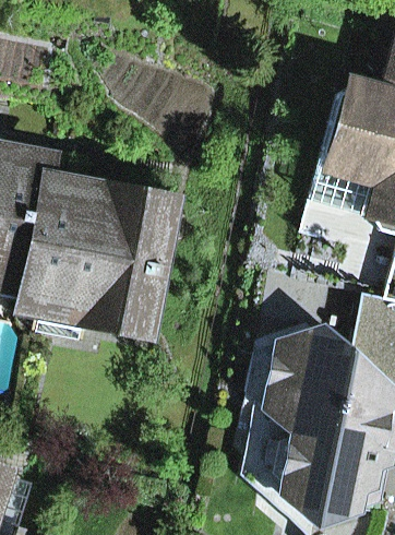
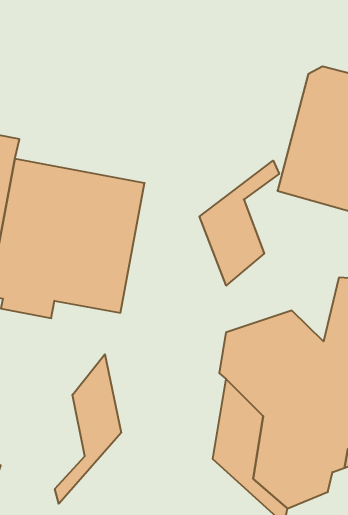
building: none -> [199,161,279,286]
building: none -> [55,354,121,504]

